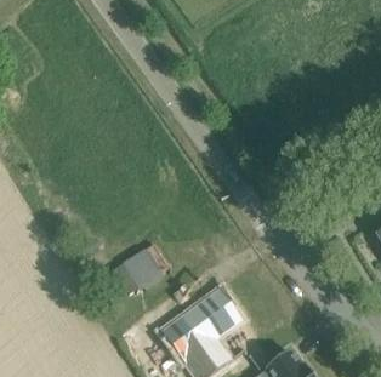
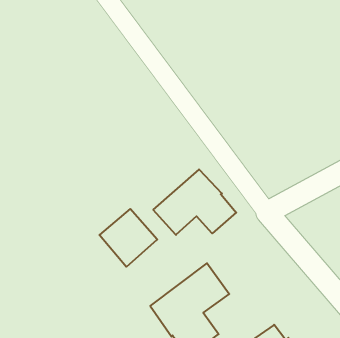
building: none -> [153,169,236,235]

